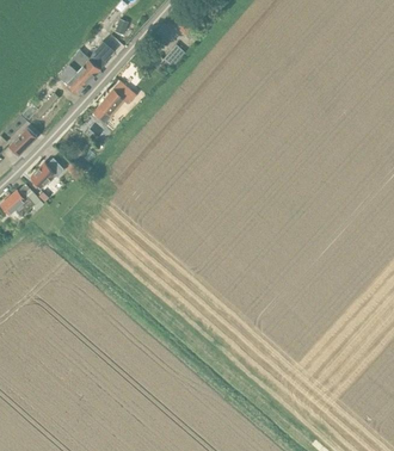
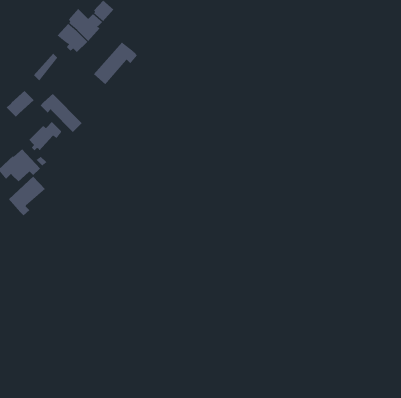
building: none -> [40,93,83,133]
building: none -> [8,176,46,216]

